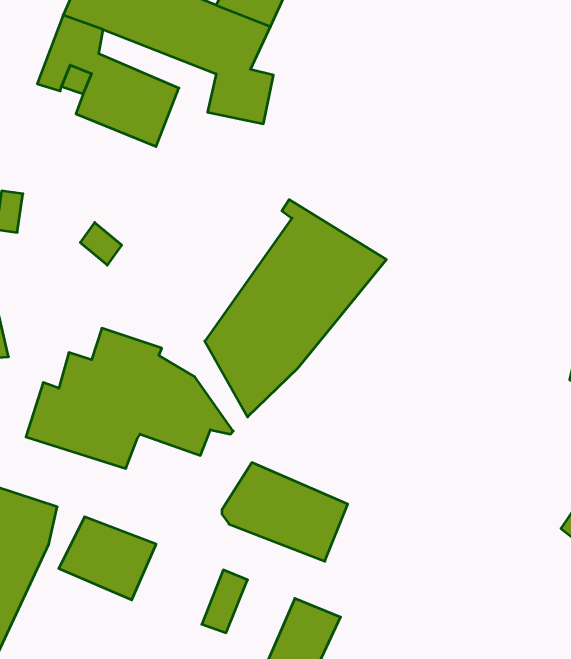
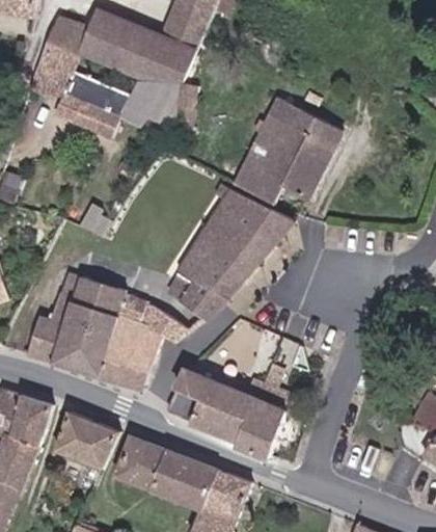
building: none -> [228,98,335,204]
building: none -> [99,351,153,390]
building: none -> [241,392,292,461]
building: none -> [116,435,169,489]
building: none -> [171,457,221,509]

